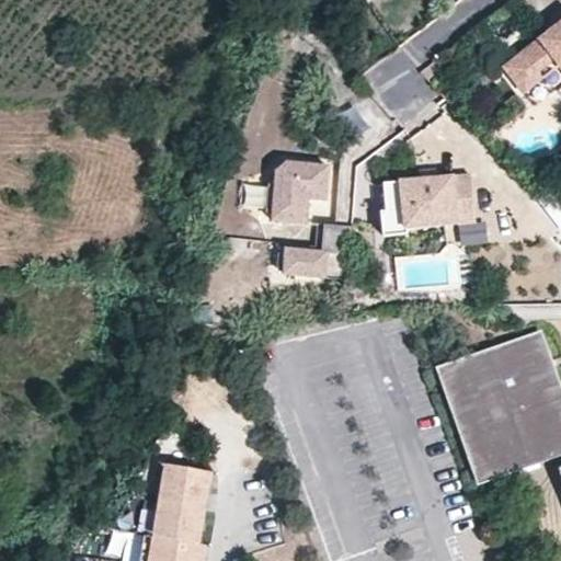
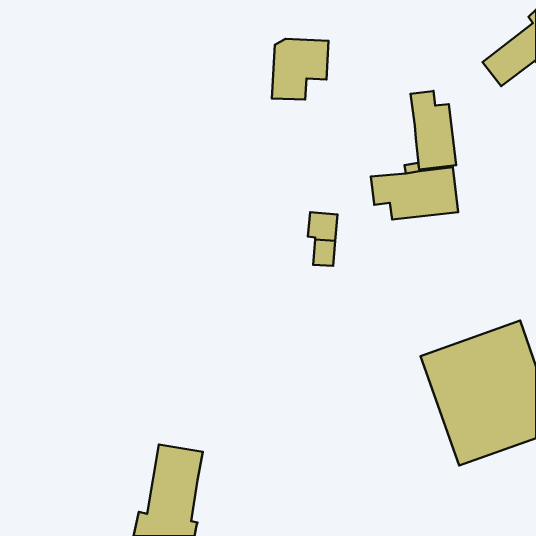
building: none -> [410,91,456,169]
building: [271,157,330,220] -> [272,39,328,100]
building: [282,244,329,276] -> none

